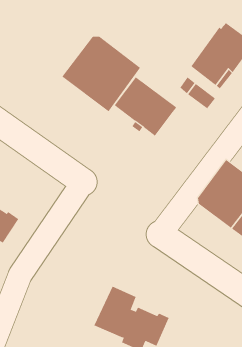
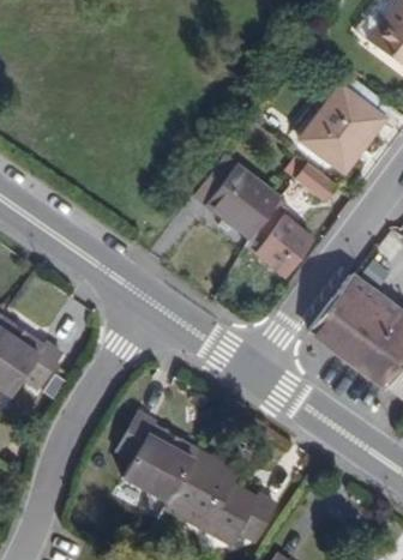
building: [62,36,141,112] -> none
building: none -> [246,209,315,278]
building: none -> [114,421,192,507]

